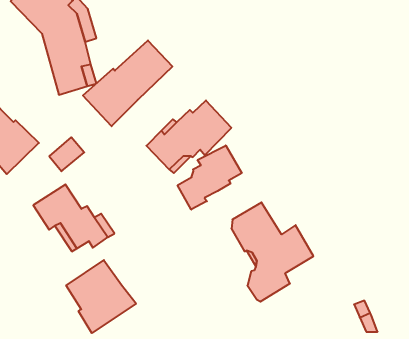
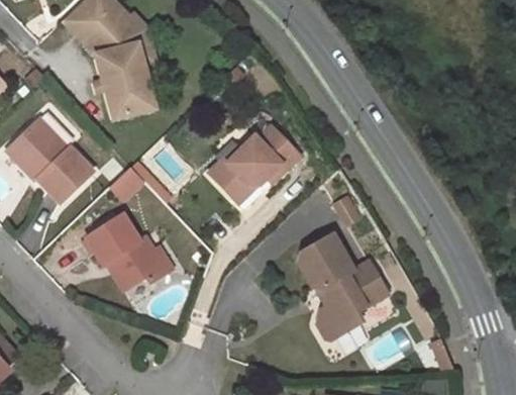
building: [83,40,172,126] -> none
building: [178,145,242,210] -> none
building: [66,260,136,333] -> none

